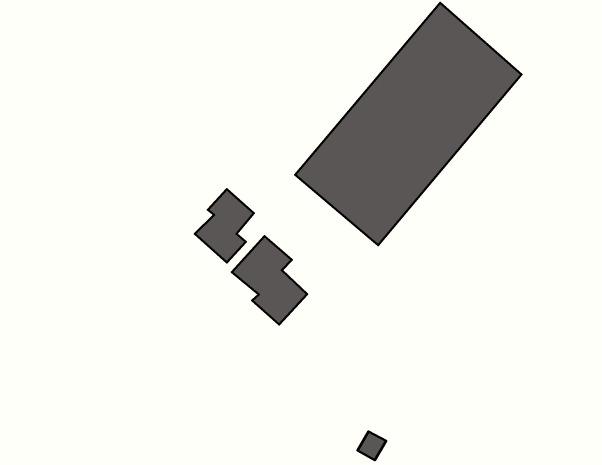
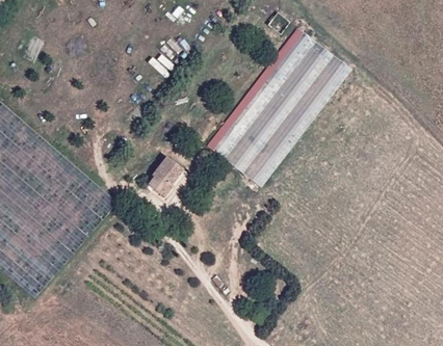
building: [232,236,307,324] -> none

